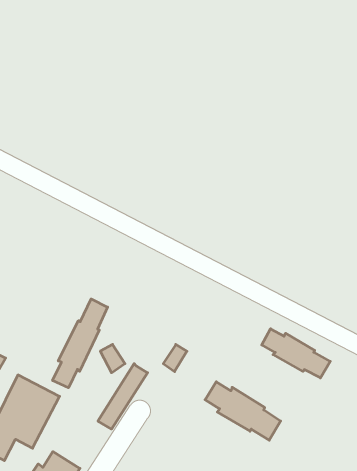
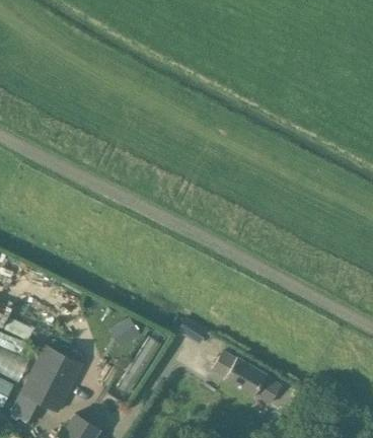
building: [53,299,108,388] -> none
building: [262,329,330,378] -> none

